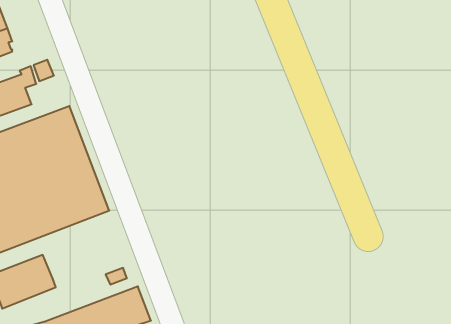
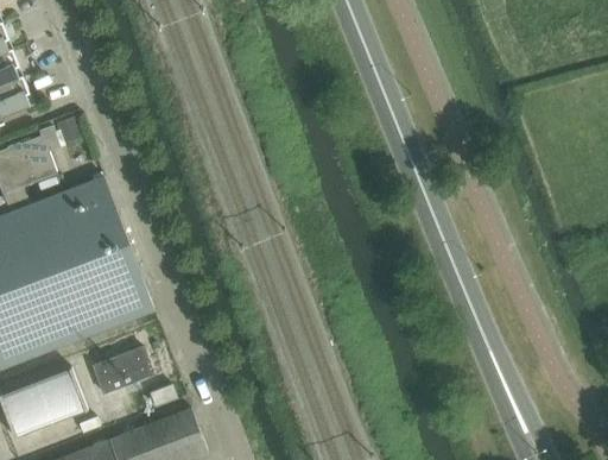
building: none -> [91,347,151,392]

